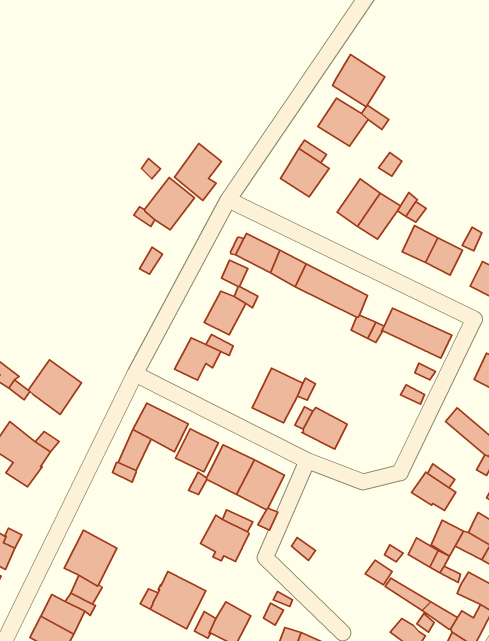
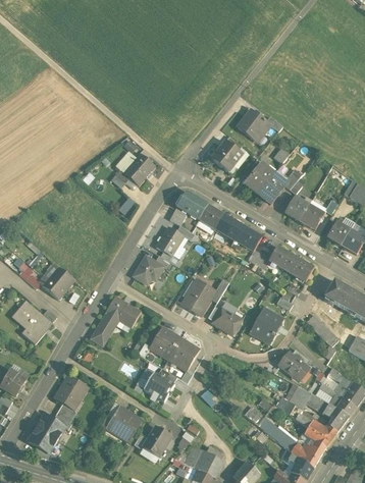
building: [332,54,385,107] -> none
building: [174,143,222,200] -> none
building: none -> [251,308,283,342]
building: [176,429,219,472] -> none

